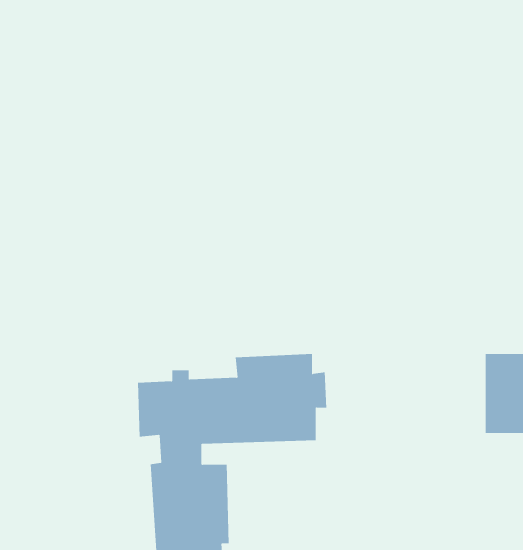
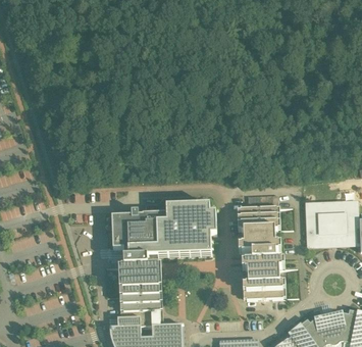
building: none -> [237,192,288,299]

